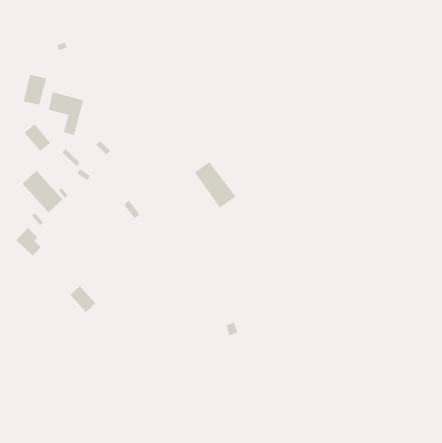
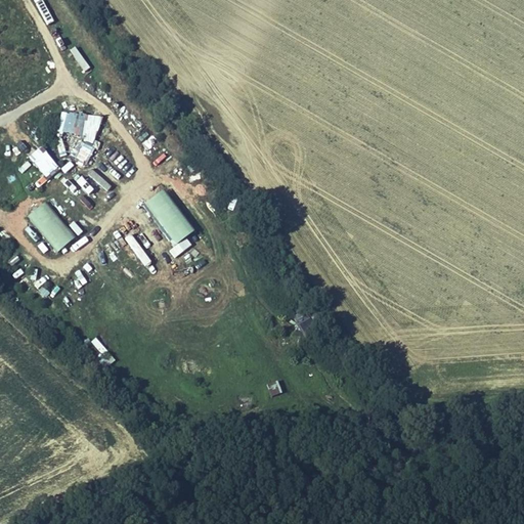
building: [23,74,47,105] -> none
building: [194,161,236,209] -> [144,188,194,245]

